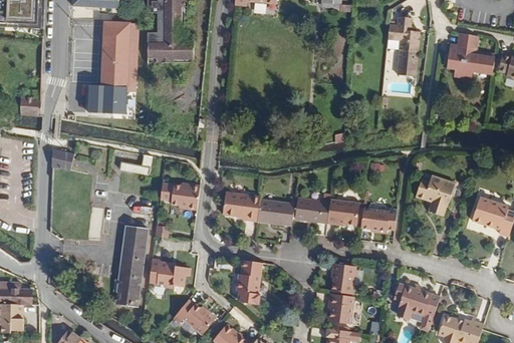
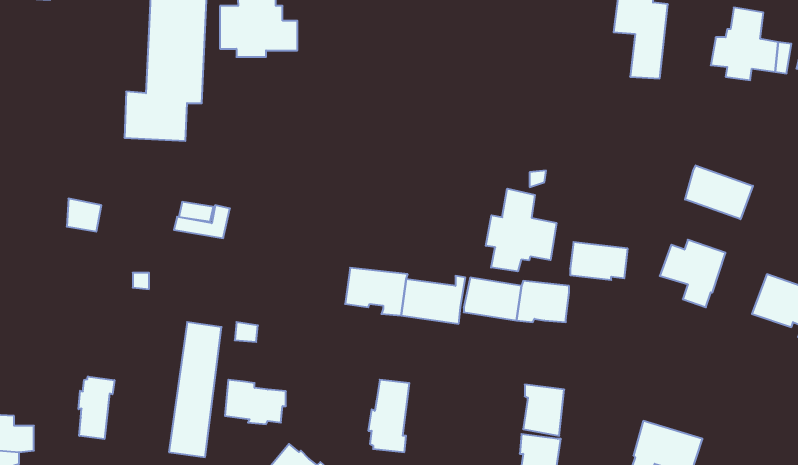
building: [19,98,40,116] -> none
building: none -> [685,165,753,219]
building: none -> [486,189,556,271]
building: [160,183,199,210] -> none
building: [360,208,396,231] -> [570,242,628,280]
building: none -> [79,376,114,439]

